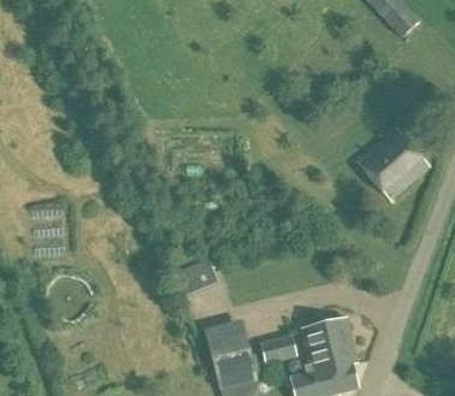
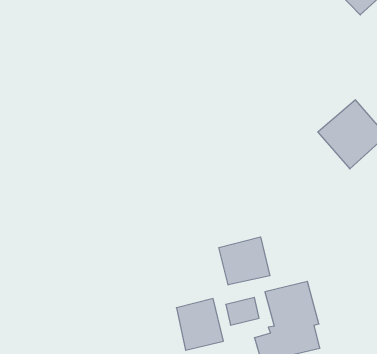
building: [172,258,218,296] -> none
building: none -> [219,237,270,285]

